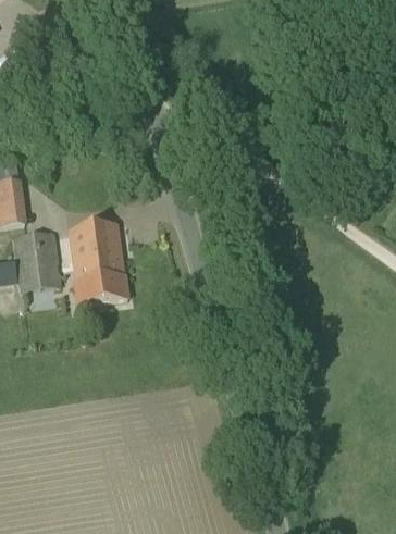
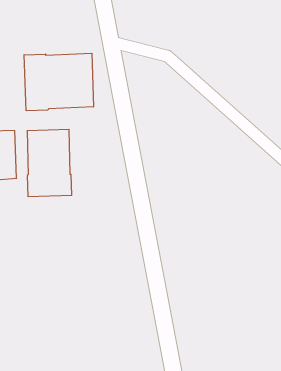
building: none -> [24,53,93,111]

